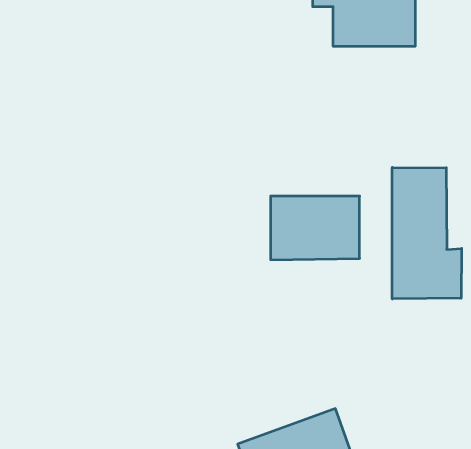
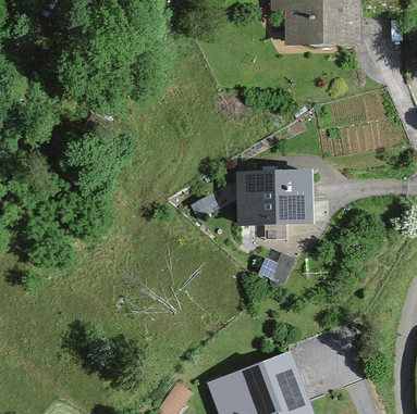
building: [392,167,462,299] -> none

